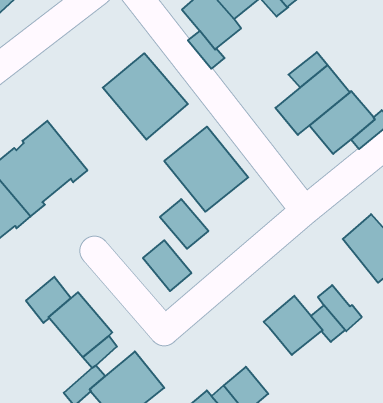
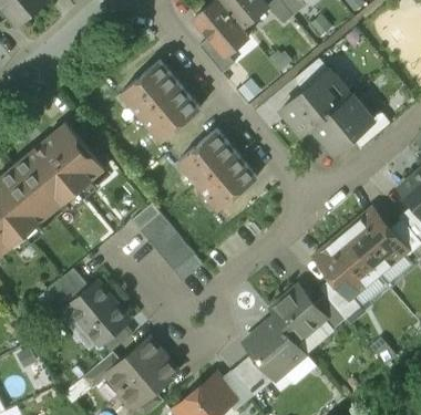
building: [160,199,208,249] -> [131,205,176,251]
building: none -> [316,234,377,297]
building: none -> [244,317,305,378]

